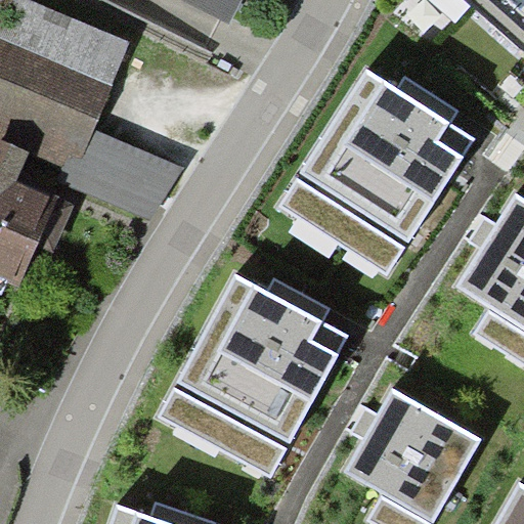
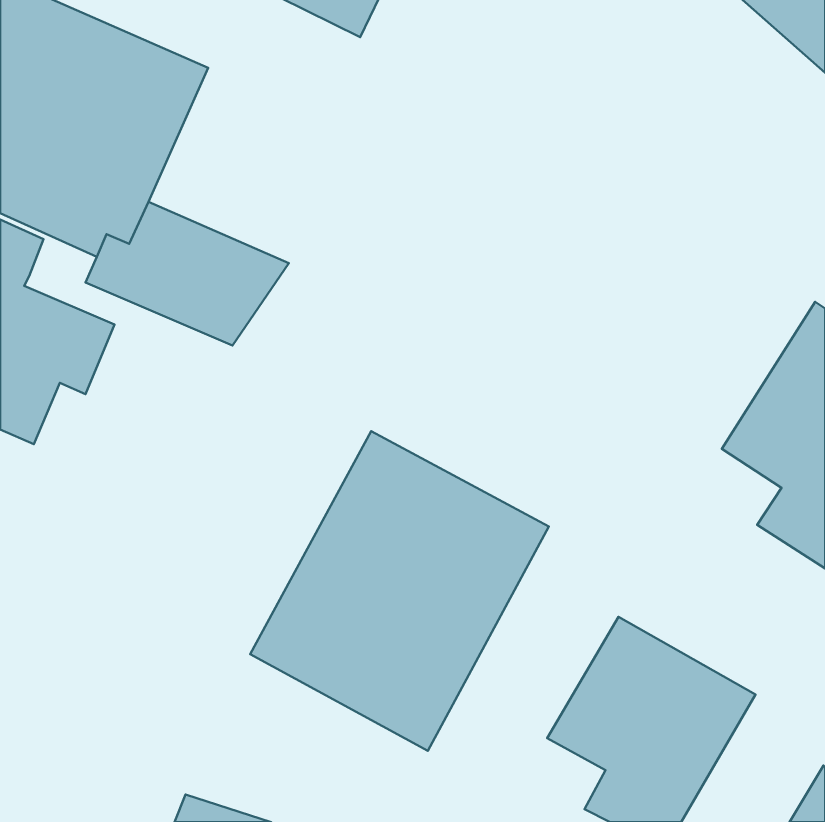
building: [278,68,476,274] -> none

